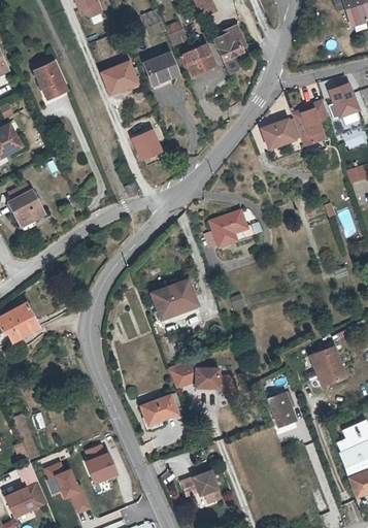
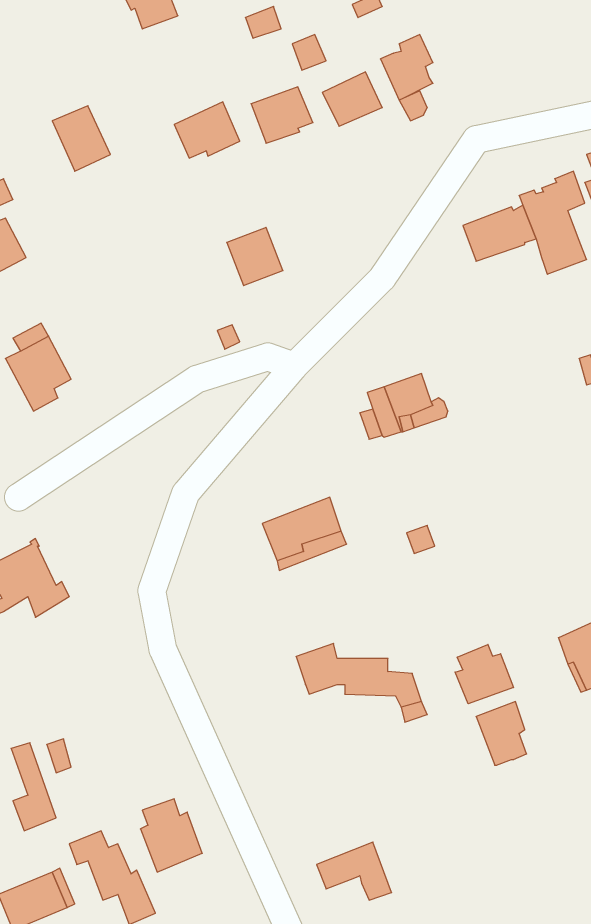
building: none -> [455,644,513,704]
building: [141,394,177,424] -> none

